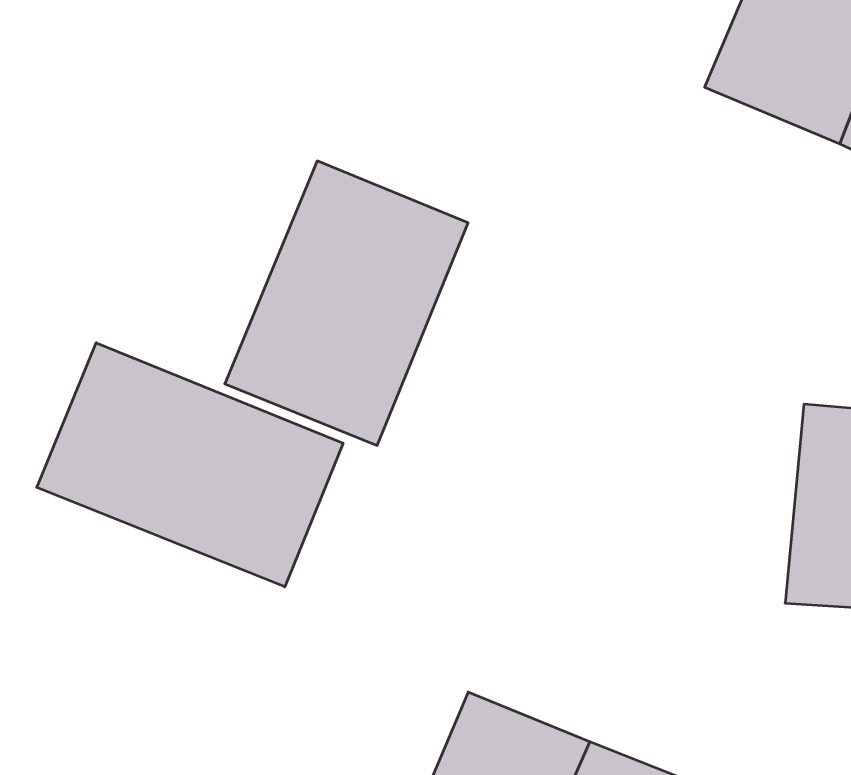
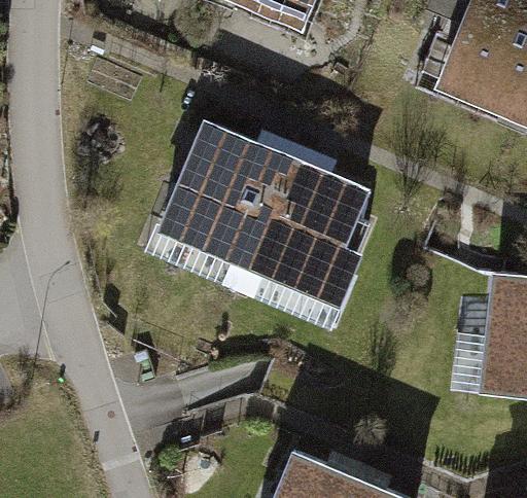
building: none -> [238,162,392,341]
building: [37,343,343,587] -> none

